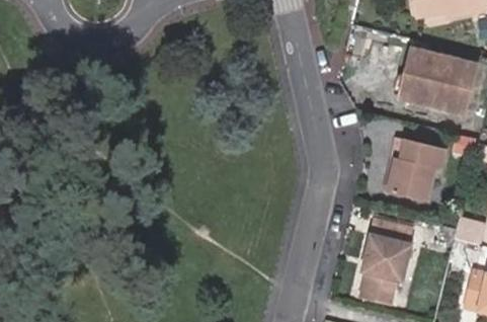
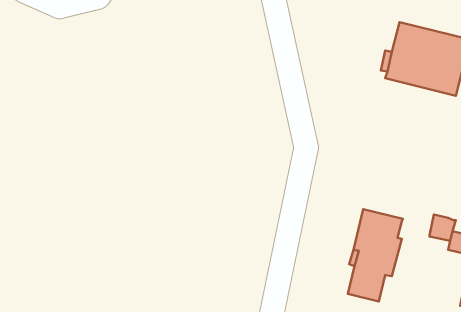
building: [386,142,444,204] -> none

